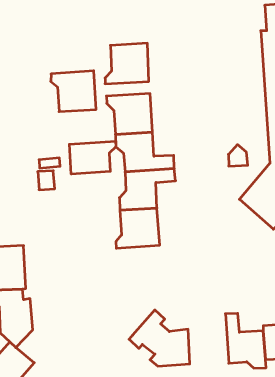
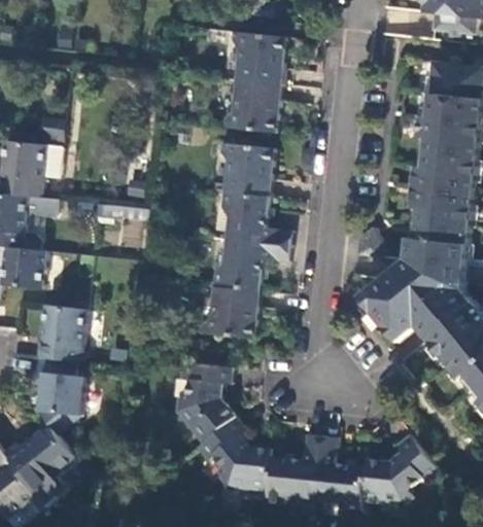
building: [51,71,96,112] -> [231,31,286,84]
building: [69,141,116,174] -> none
building: none -> [176,361,235,443]
building: none -> [266,433,321,507]

